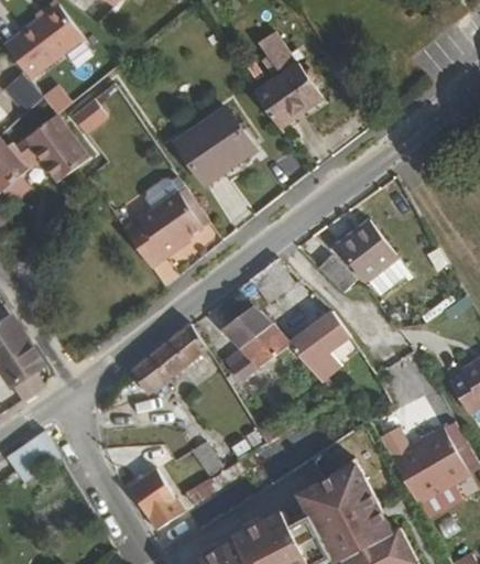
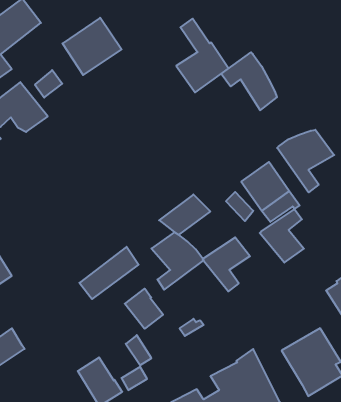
building: none -> [221,52,277,110]
building: [177,109,253,183] -> [62,18,122,75]
building: [121,171,208,264] -> none
building: none -> [277,130,334,192]
building: none -> [260,209,304,263]
building: none -> [125,289,163,329]

